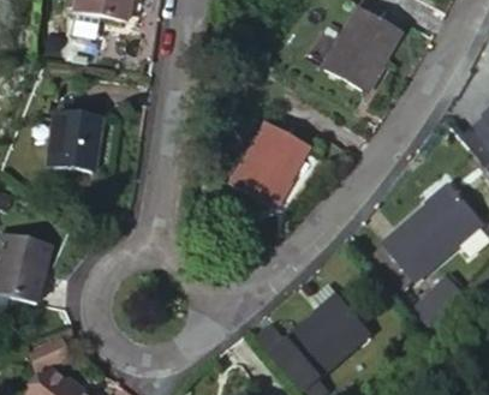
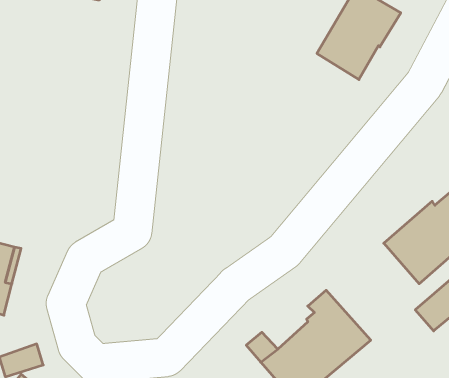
building: [48,110,100,173] -> none
building: [231,124,308,205] -> none

